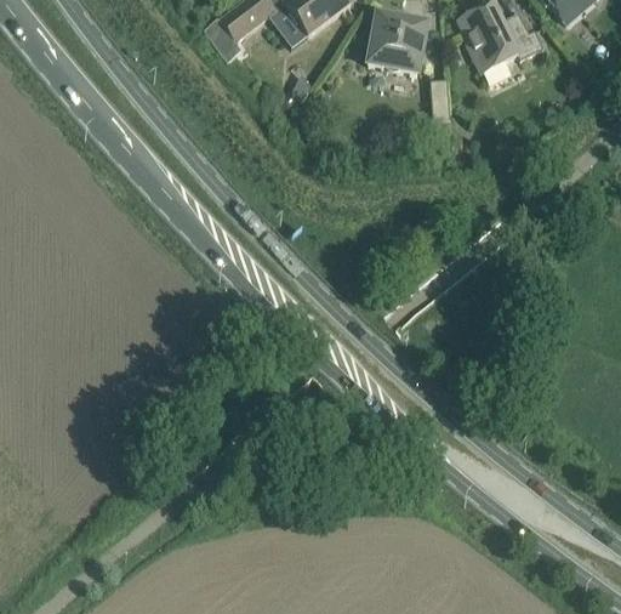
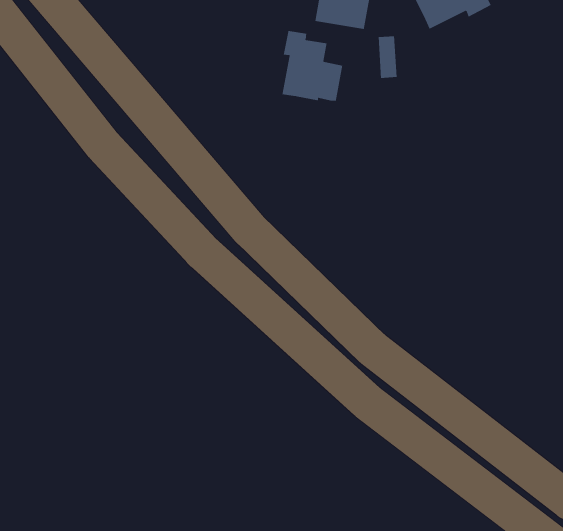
building: none -> [282,30,343,102]

